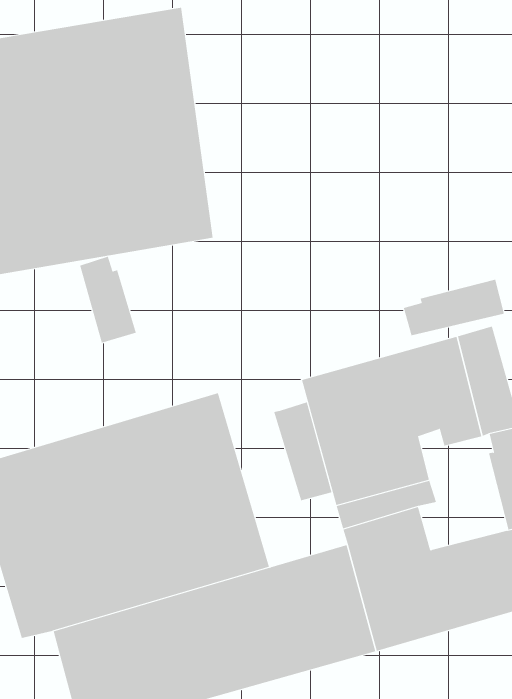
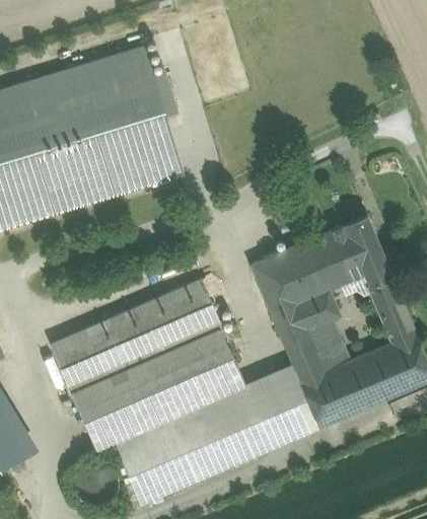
building: [79,256,136,344] -> none
building: [403,279,505,336] -> none
building: [273,402,332,501] -> none

